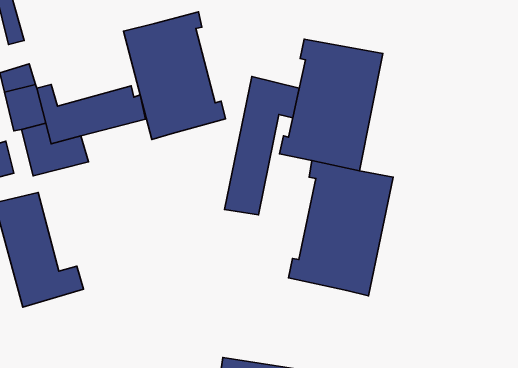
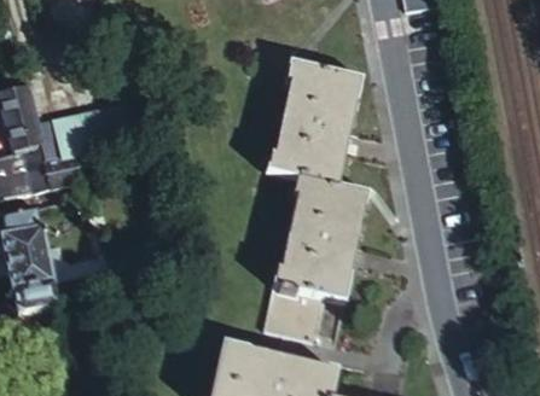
building: [124,12,226,140] -> none
building: [224,77,299,215] -> none
building: none -> [262,281,326,339]

